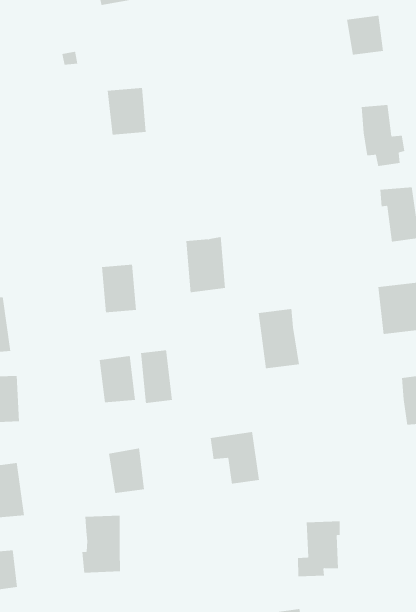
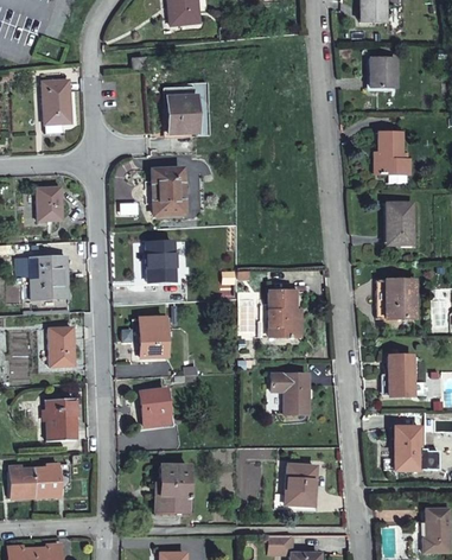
building: [185,236,226,293] -> [157,170,186,214]
building: [141,349,173,404] -> none
building: [210,431,260,484] -> [280,370,318,412]
building: [82,515,121,573] -> [155,467,190,515]

